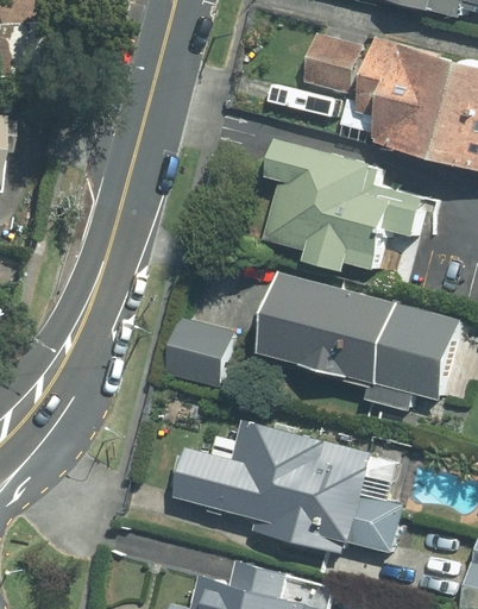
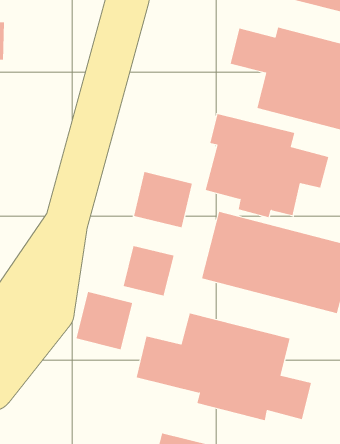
building: none -> [133,171,193,228]
building: none -> [76,291,133,350]

